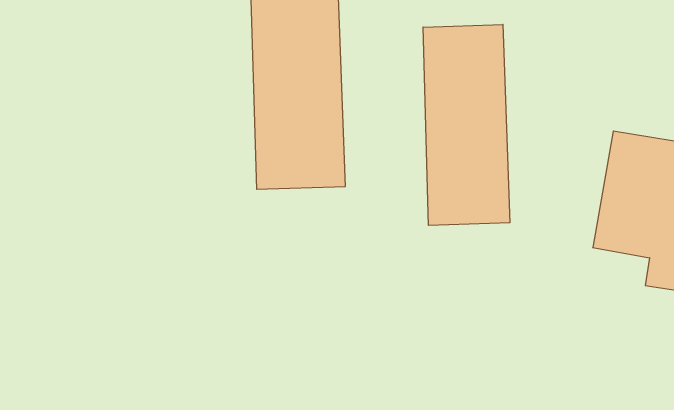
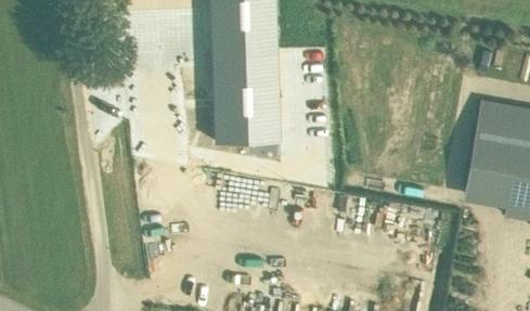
building: [423,24,510,225] -> none

